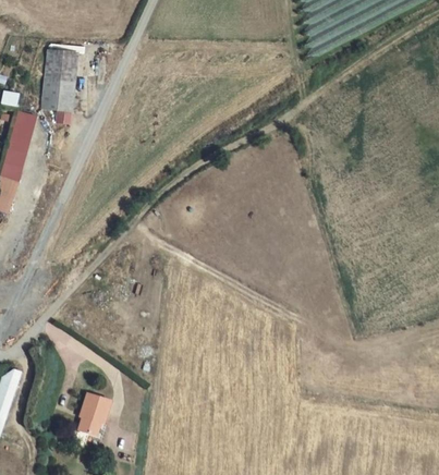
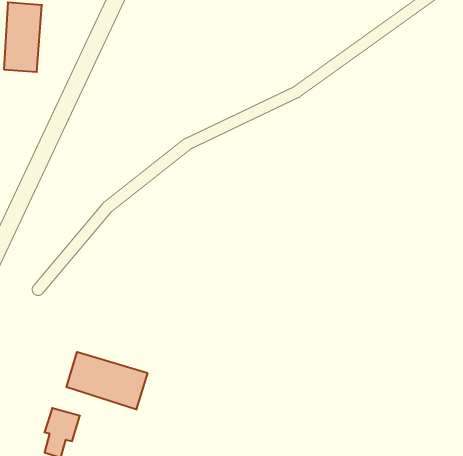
building: none -> [67,352,147,410]

